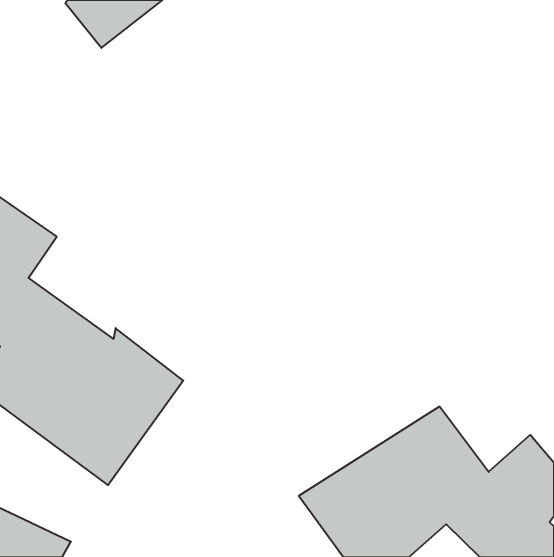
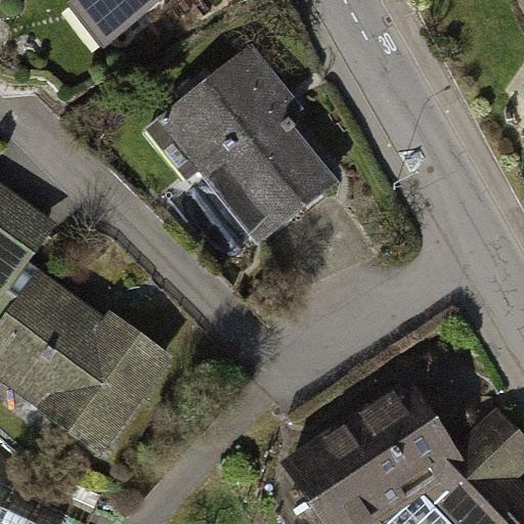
building: none -> [152,44,340,251]

